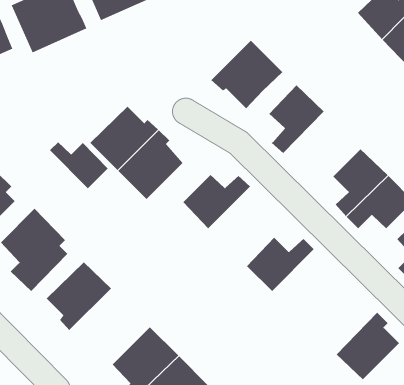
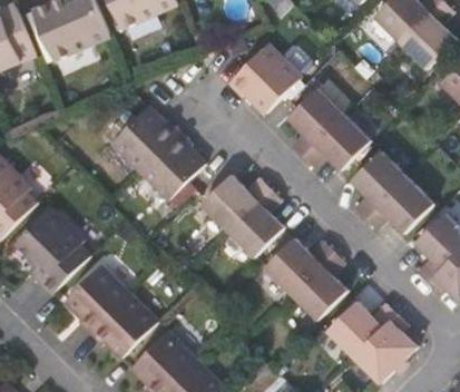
building: none -> [302,114,369,168]
building: [49,141,108,189] -> none
building: none -> [227,188,282,256]
building: none -> [291,251,346,320]
building: none -> [89,290,160,357]
building: none -> [327,301,395,355]

